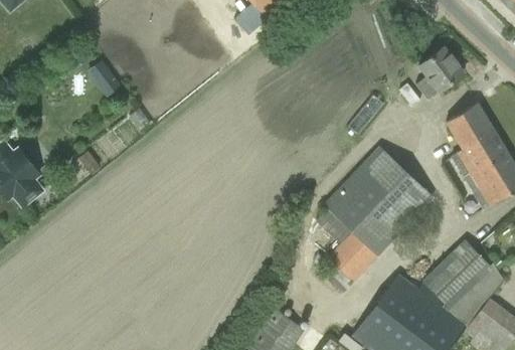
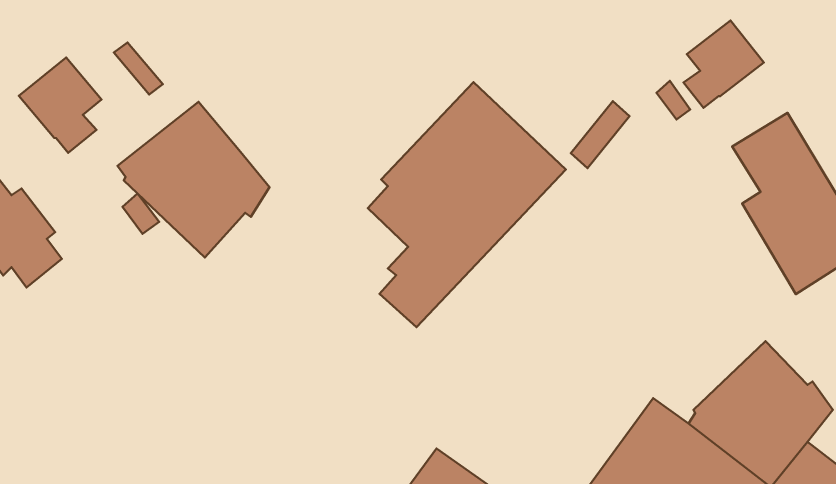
building: none -> [19,57,102,153]
building: none -> [118,102,269,258]
building: [315,146,434,293] -> [368,82,566,327]

